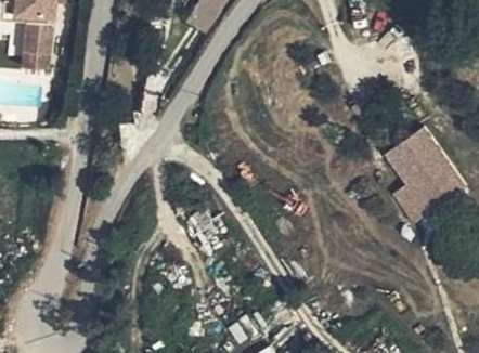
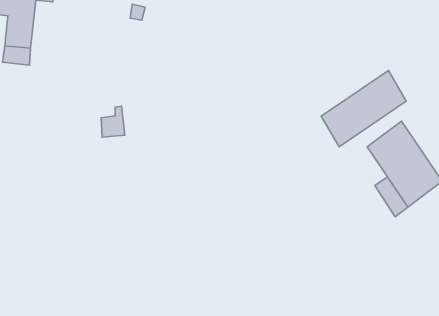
building: none -> [321,71,406,147]

